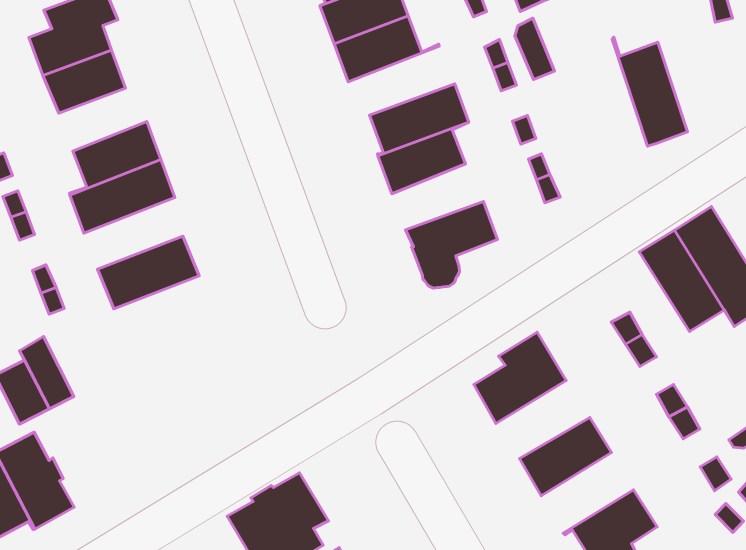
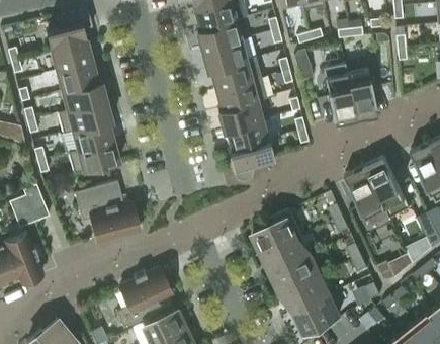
building: none -> [323,64,356,124]
building: none -> [206,58,261,89]
building: none -> [57,62,101,91]
building: none -> [223,119,269,150]
building: none -> [63,120,113,153]
building: none -> [74,181,140,243]
building: none -> [263,236,312,273]
building: none -> [282,275,330,314]

